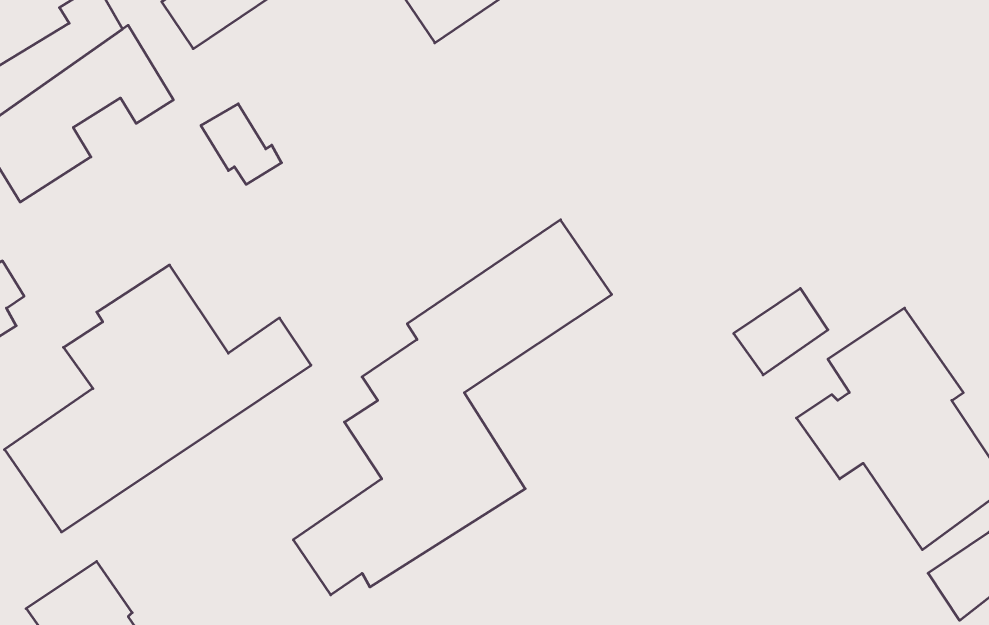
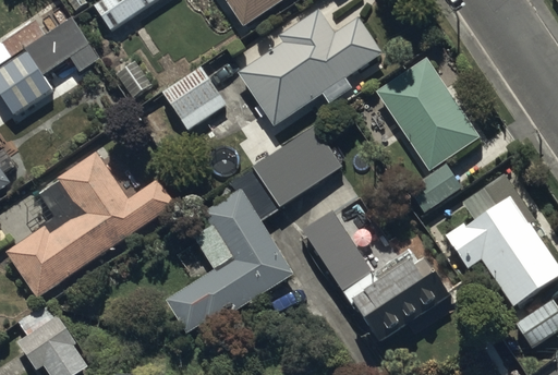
building: none -> [240,10,384,126]
building: none -> [374,57,481,172]
building: none -> [161,66,226,131]
building: none -> [303,213,463,344]

